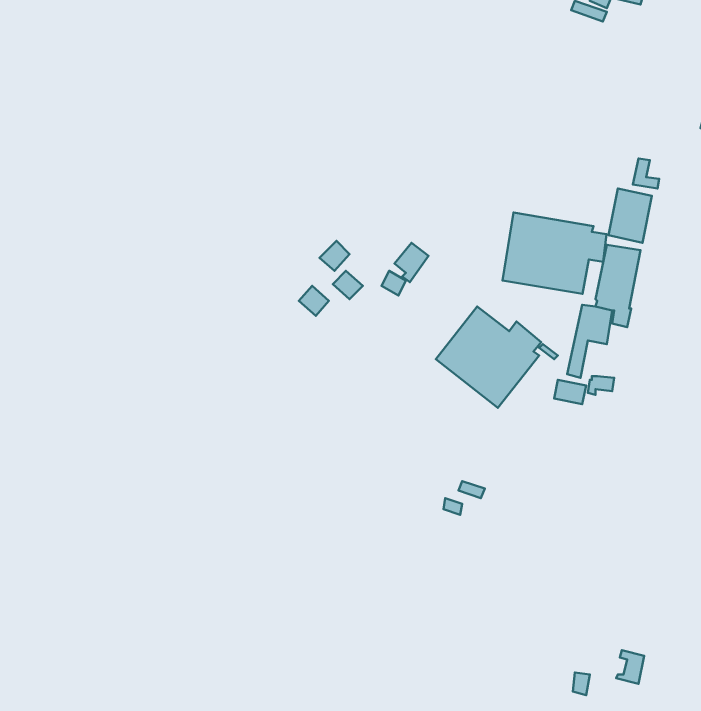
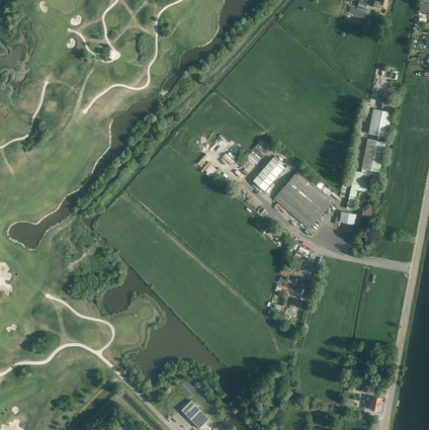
building: [502,213,606,294] -> none
building: none -> [252,158,284,192]

